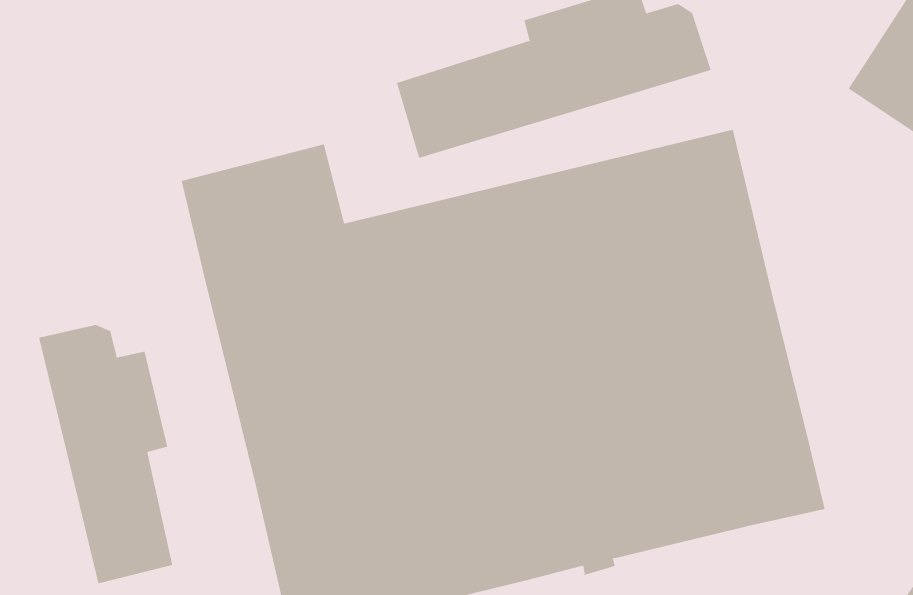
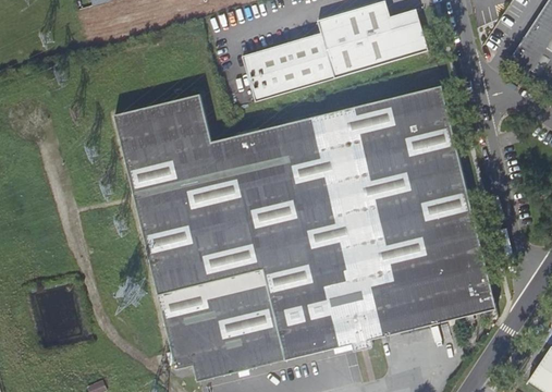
building: [38,324,173,584] -> none

